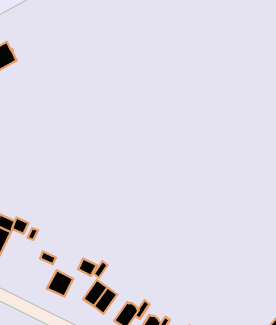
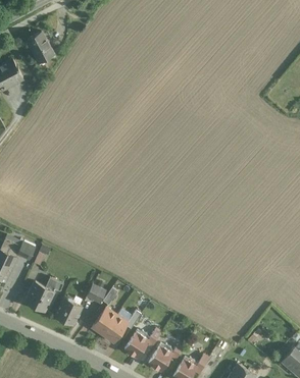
building: none -> [28,32,56,65]
building: none -> [26,281,53,311]

